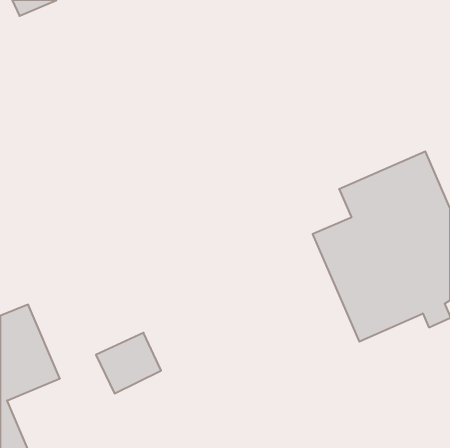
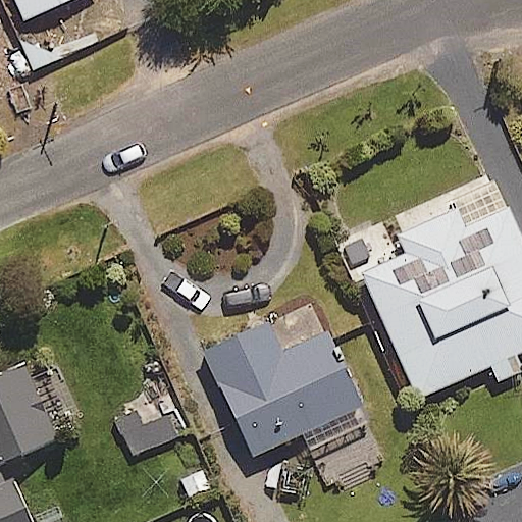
building: none -> [203,322,383,489]

